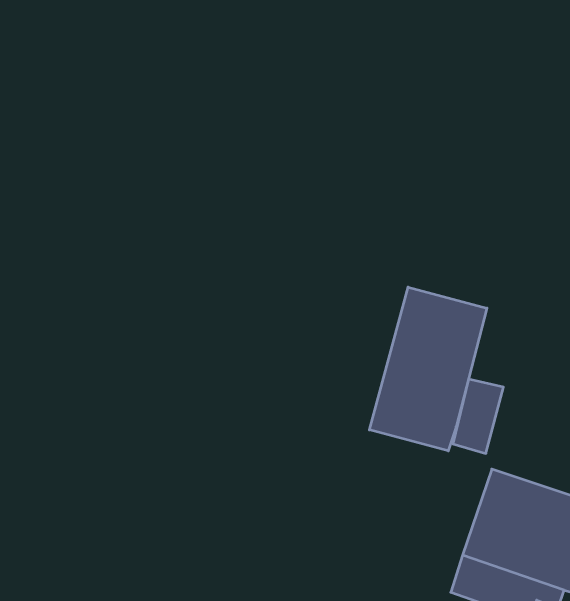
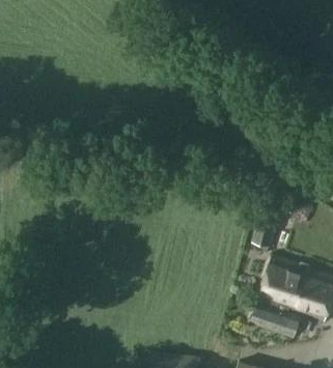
building: [369,287,487,451] -> none

